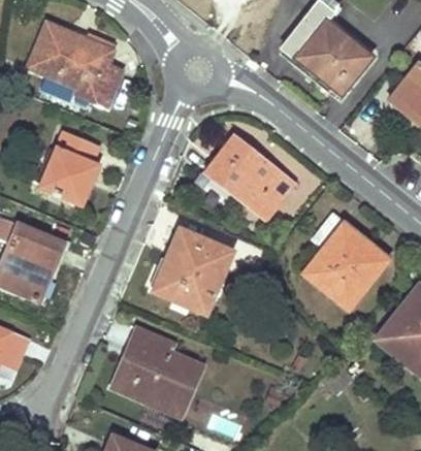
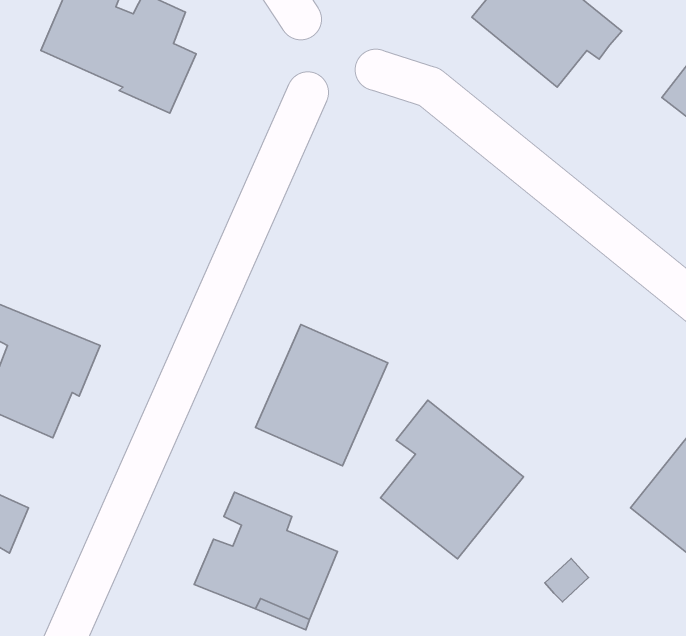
building: [42,133,96,202] -> none
building: [207,140,296,212] -> none
building: [302,214,387,308] -> [381,400,524,559]

